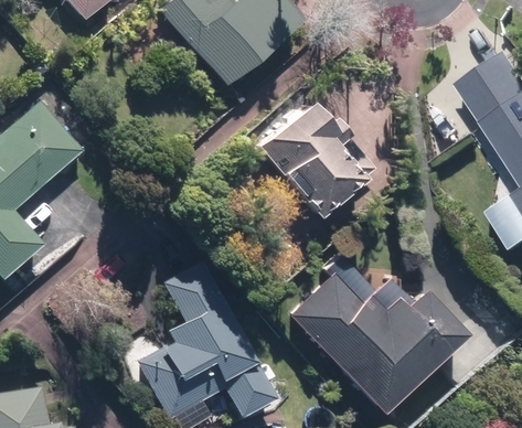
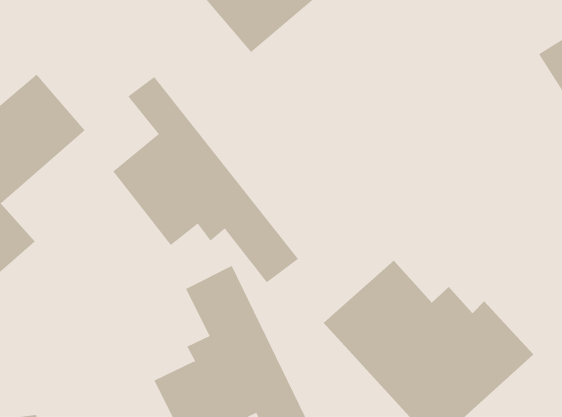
building: none -> [113,76,299,283]
building: [257,110,377,223] -> none

